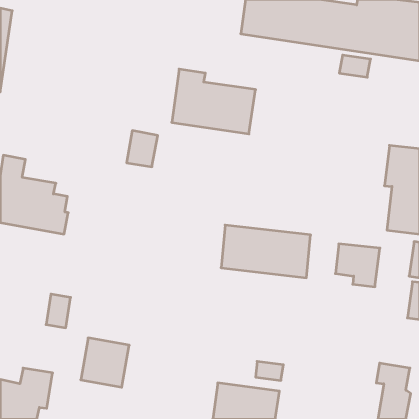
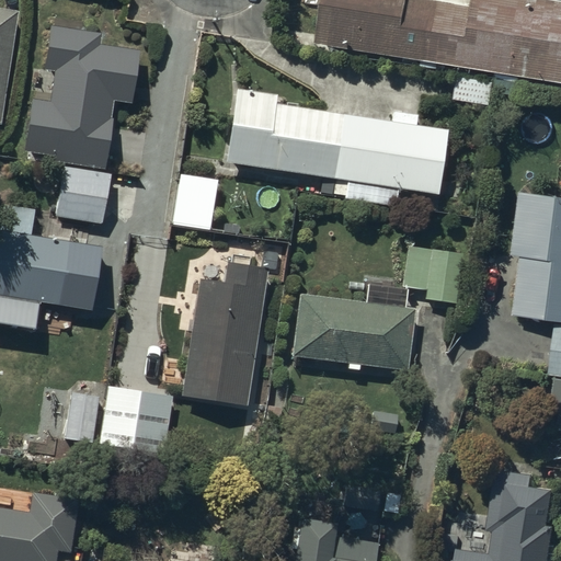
building: none -> [28,31,136,164]
building: none -> [333,119,446,194]
building: none -> [55,165,105,219]
building: none -> [186,266,268,407]
building: [335,244,380,287] -> [400,244,459,301]
building: [81,338,129,387] -> [102,385,167,450]

